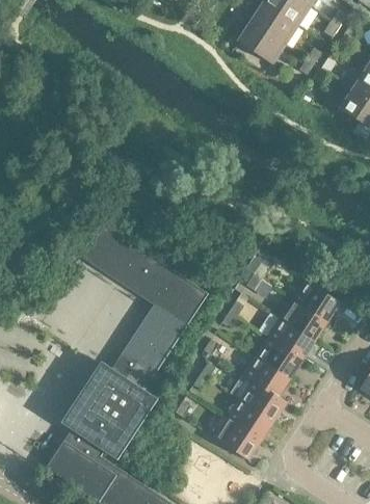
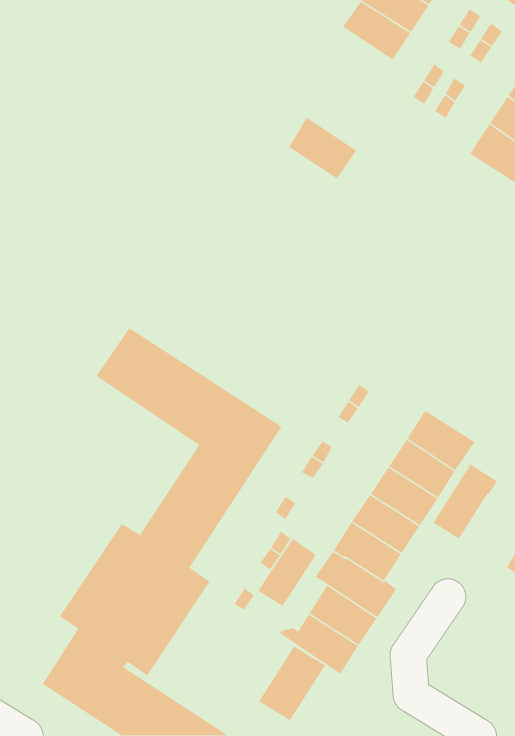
building: [237,22,284,64] -> [288,117,357,179]
building: none -> [432,463,498,539]
building: none -> [257,538,317,607]
building: none -> [258,645,326,721]

